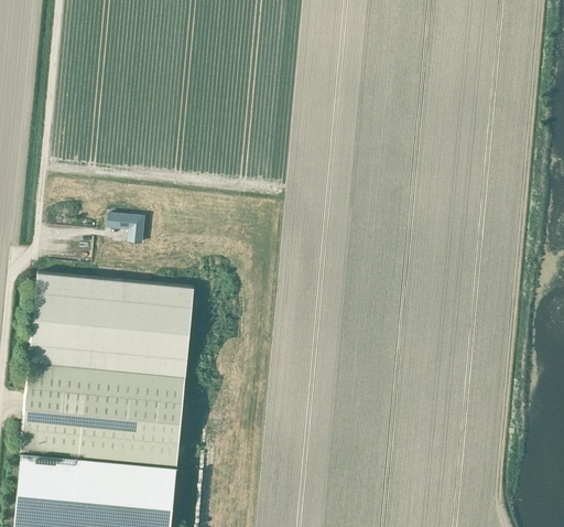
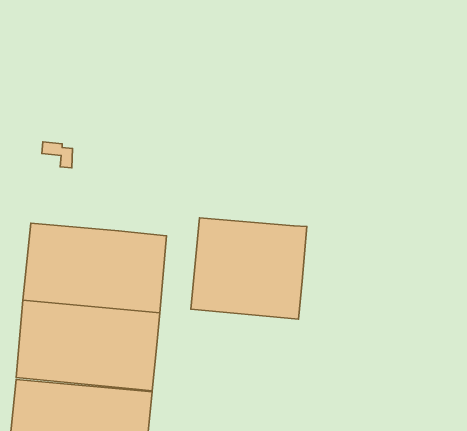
building: [107,213,142,243] -> [42,142,73,168]
building: none -> [191,218,307,319]

